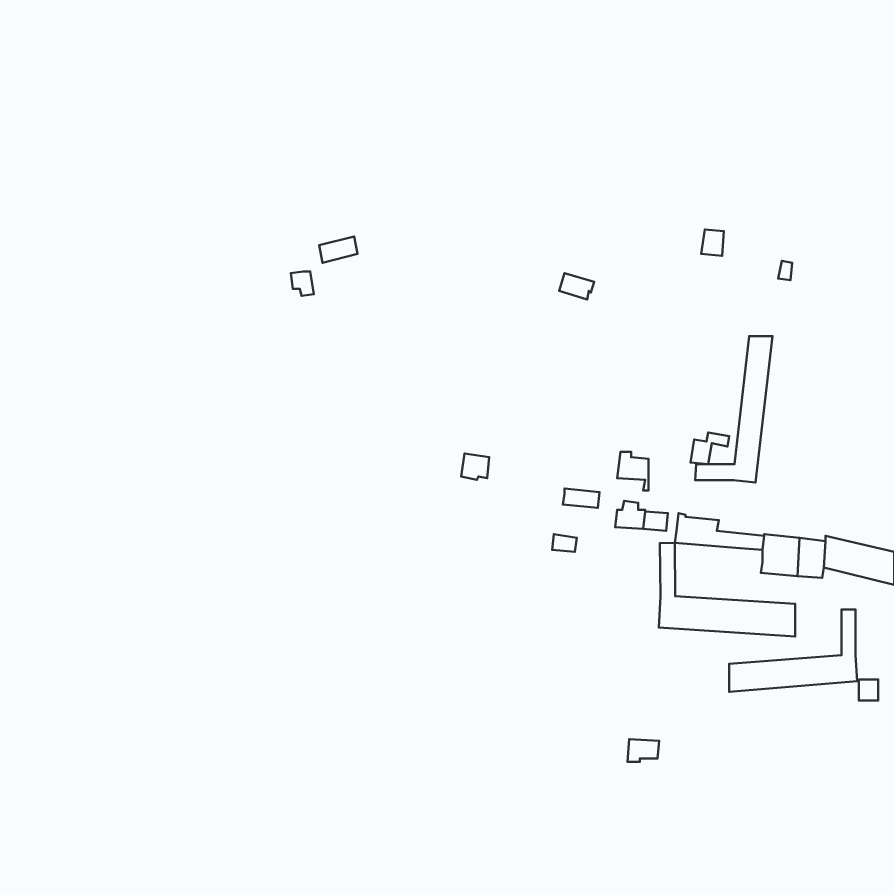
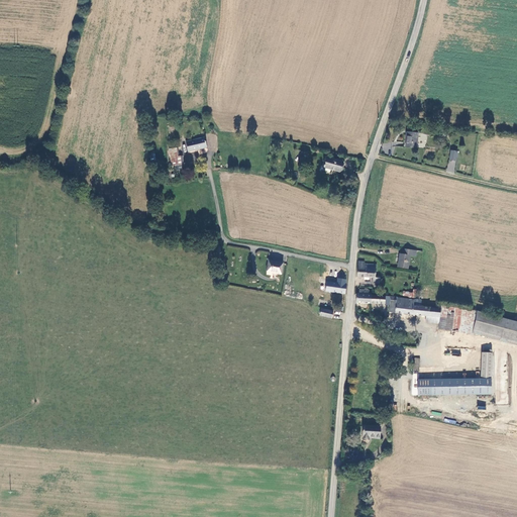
building: [695,336,773,482] -> none
building: [659,543,795,636] -> none

